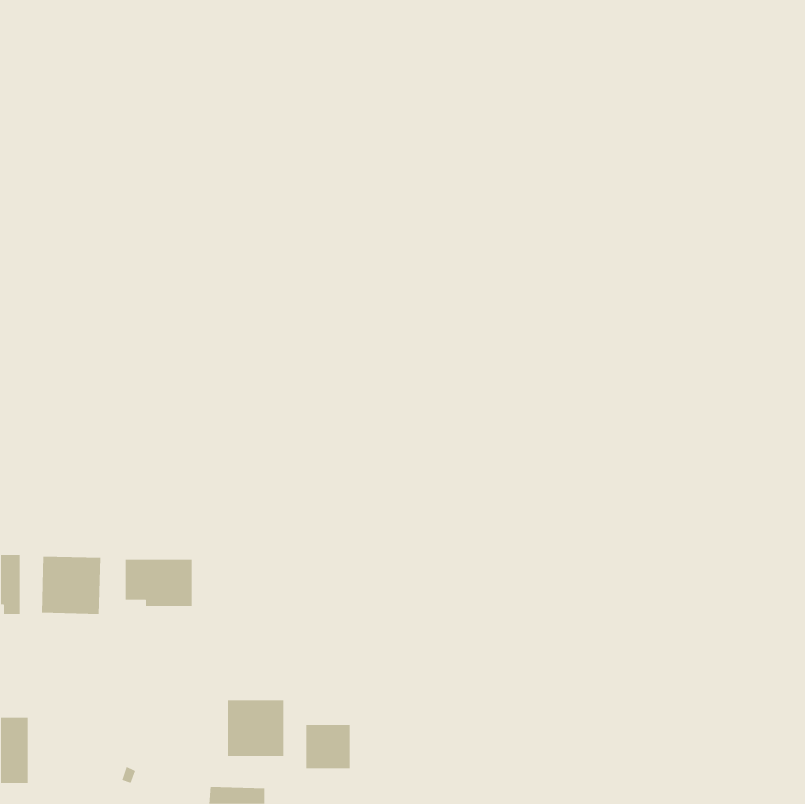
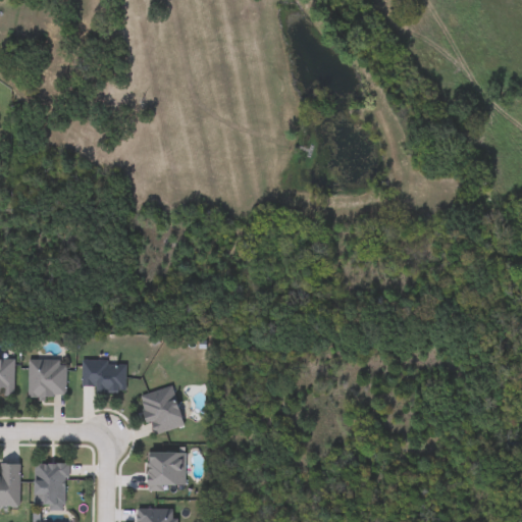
building: none -> [141,386,182,434]
building: none -> [34,463,67,507]
building: [306,724,350,769] -> none

